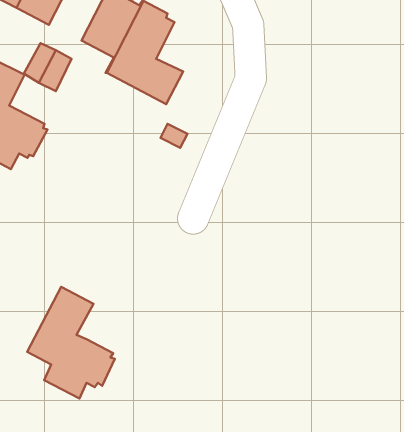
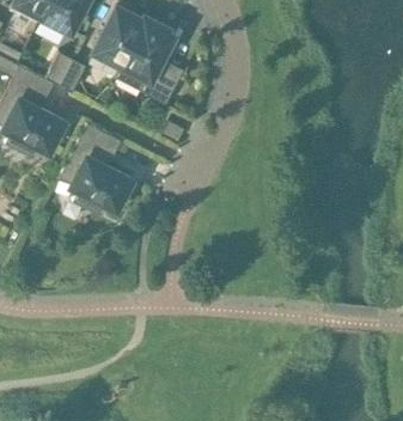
building: [27,287,115,398] -> [59,122,133,216]

